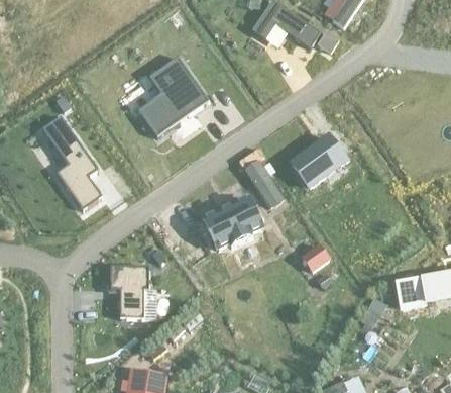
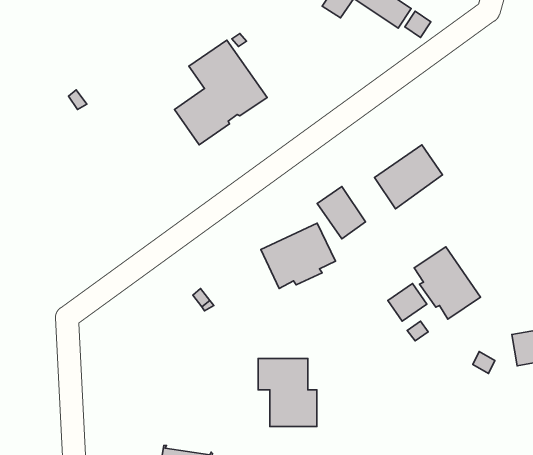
building: [40,114,101,209] -> none
building: none -> [414,247,480,319]
building: [109,265,154,317] -> [258,359,317,427]

